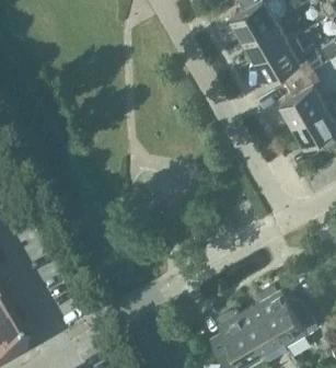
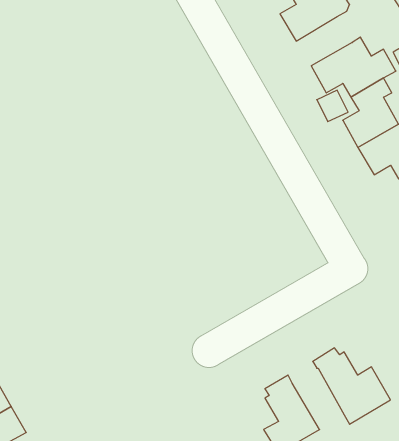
building: [244,18,289,57] -> none
building: [241,300,282,349] -> none

